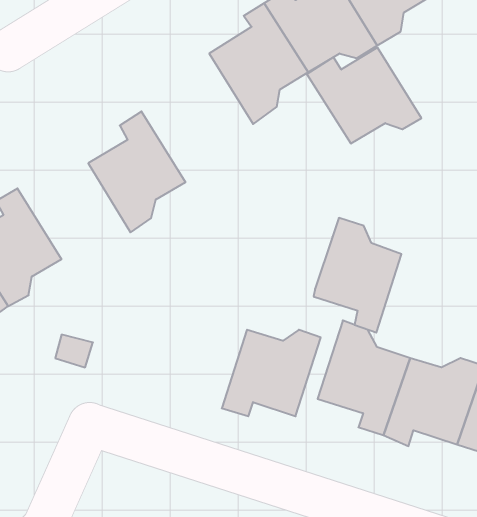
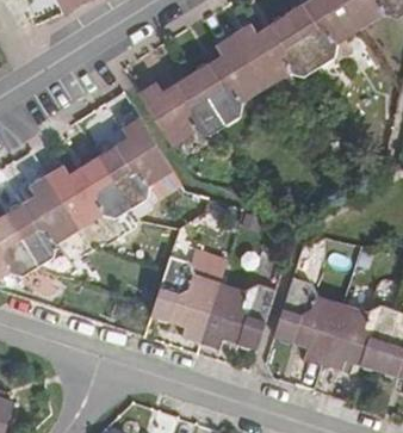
building: [307,48,421,143] -> [137,74,224,147]
building: none -> [45,157,131,230]
building: [314,218,401,333] -> [153,256,219,344]

